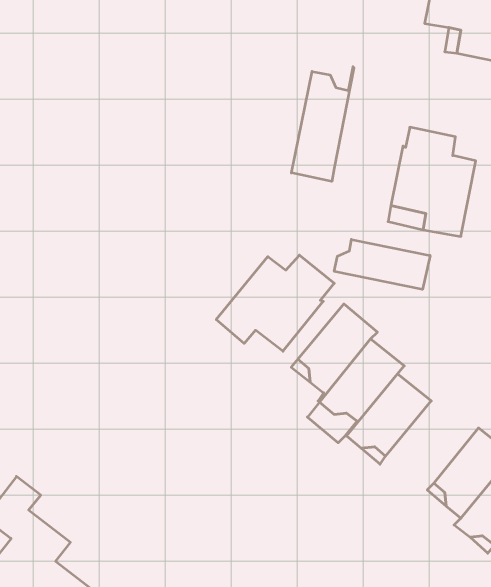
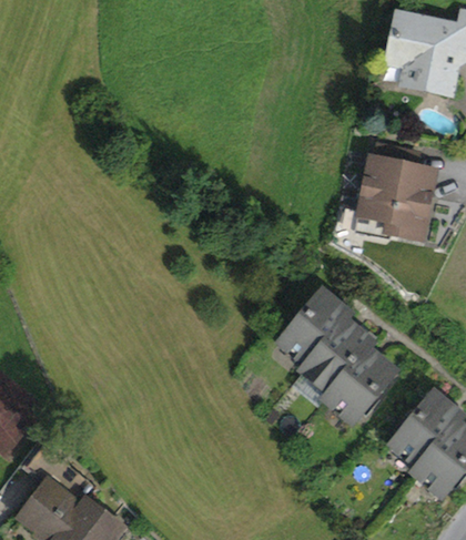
building: [291,67,354,181] -> none
building: [334,239,430,289] -> none
building: [216,255,334,351] -> none

